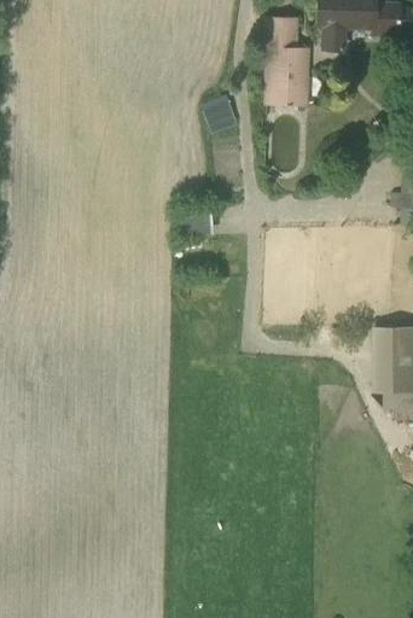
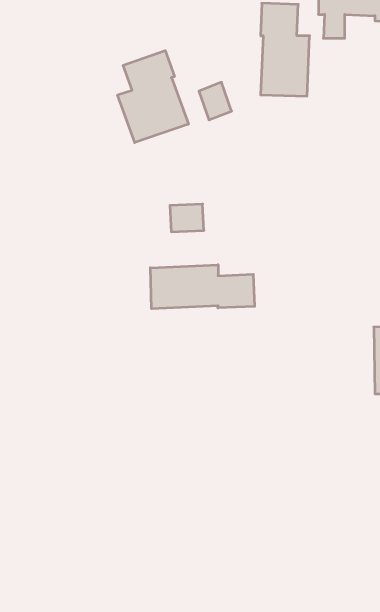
building: none -> [118,51,188,143]
building: none -> [150,265,255,309]

